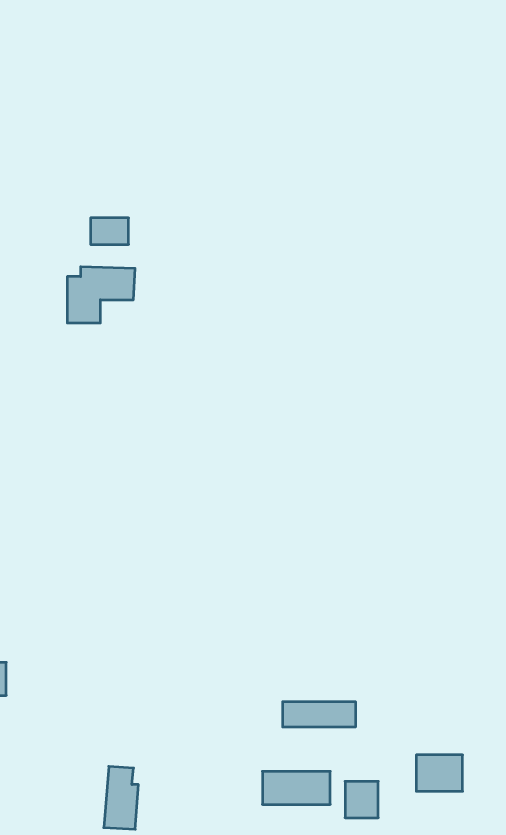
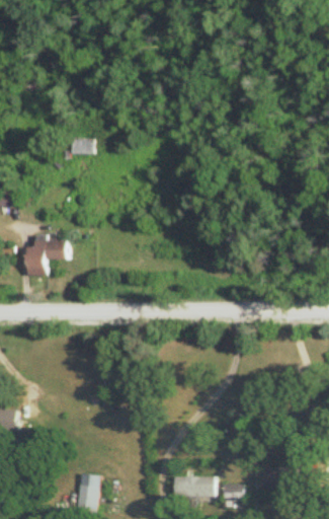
building: [67,267,135,323] -> [23,239,65,274]
building: [283,702,355,727] -> none

